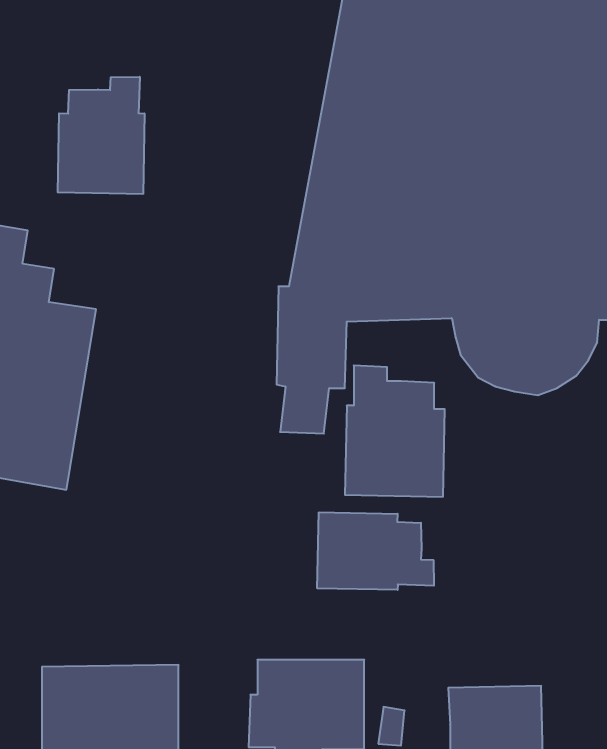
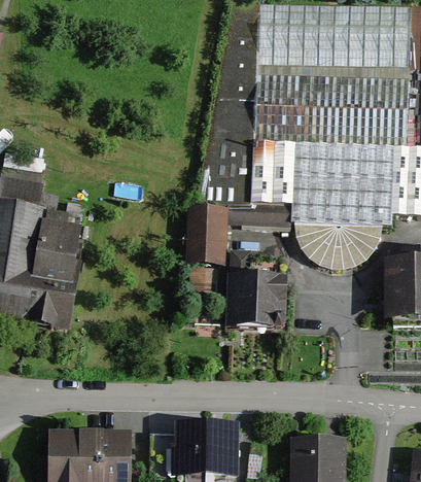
building: [58,77,144,194] -> none
building: [317,512,434,590] -> none

